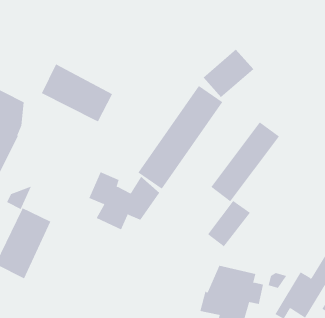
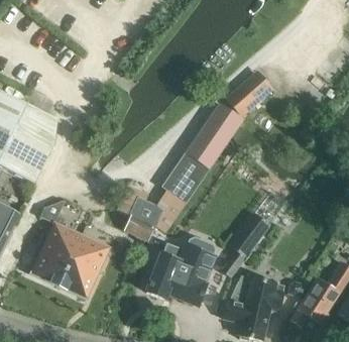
building: [41,64,113,122] -> none
building: [210,121,280,202] -> none
building: none -> [56,232,108,299]
building: none -> [146,236,214,305]

